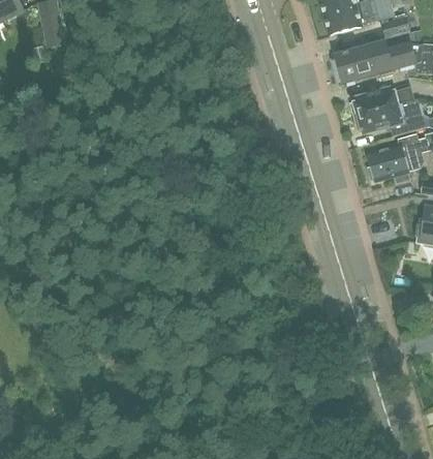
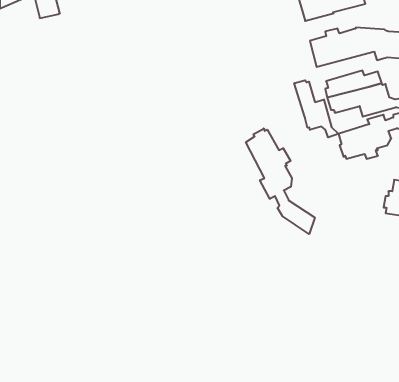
building: [380,16,421,44] -> none
building: none -> [294,80,339,137]
building: none -> [246,128,315,234]

